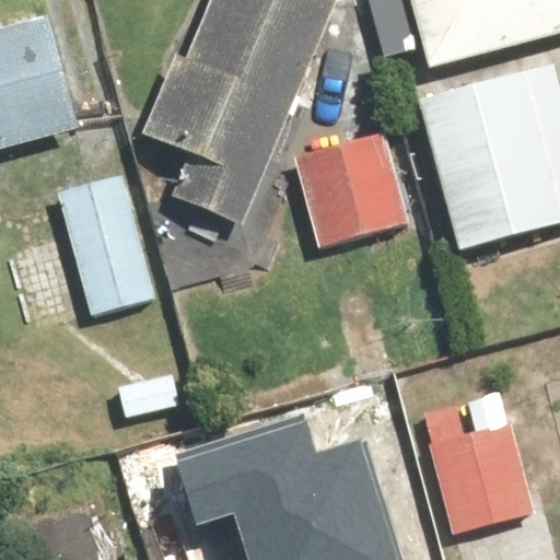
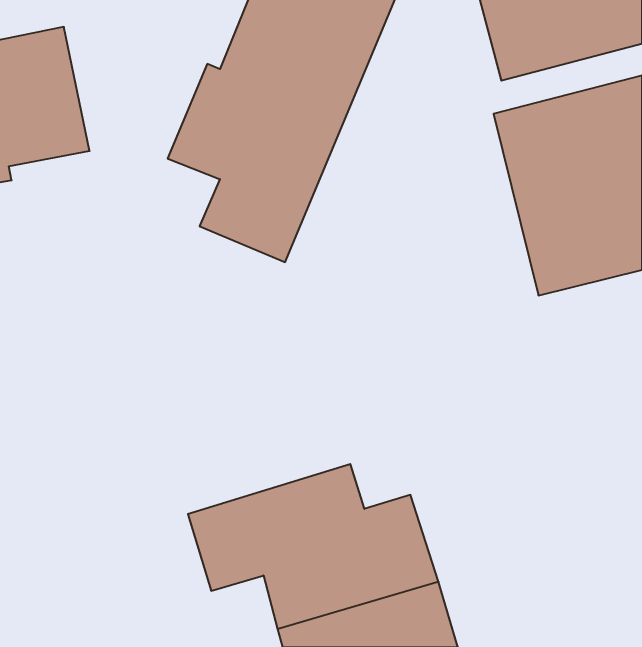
building: [291,129,412,293] -> none
building: [56,174,155,317] -> none
building: [419,404,538,540] -> none

